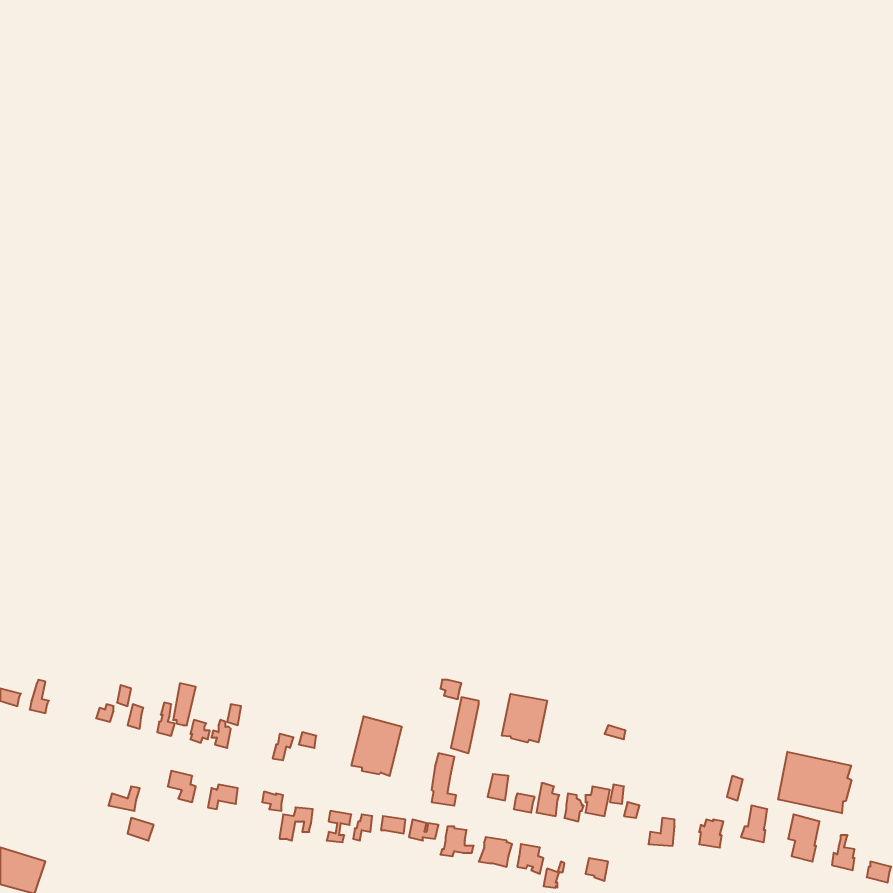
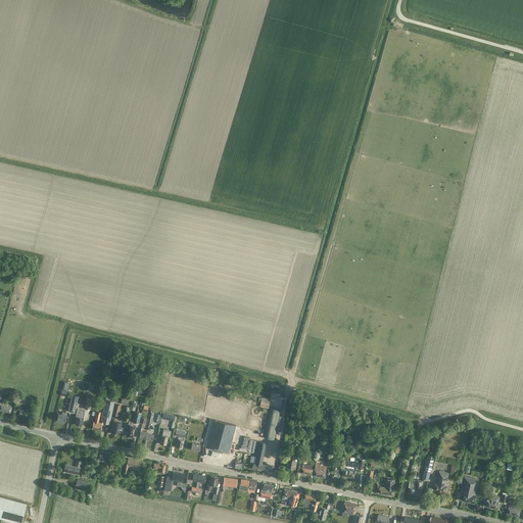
building: [502,694,547,742] -> none
building: [778,752,851,813] -> none

